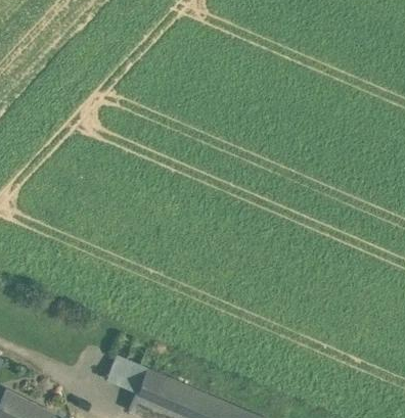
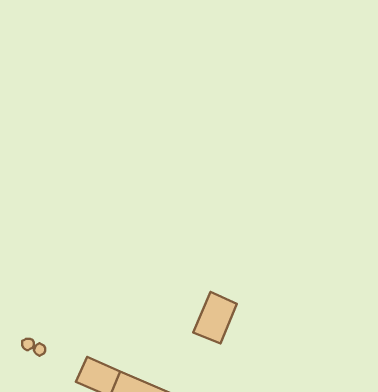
building: none -> [193,292,237,344]

